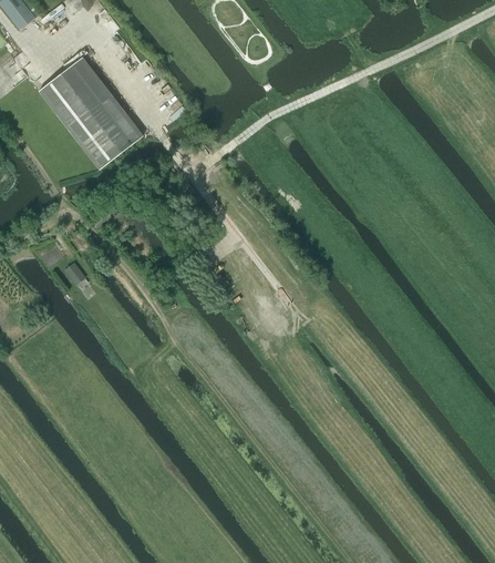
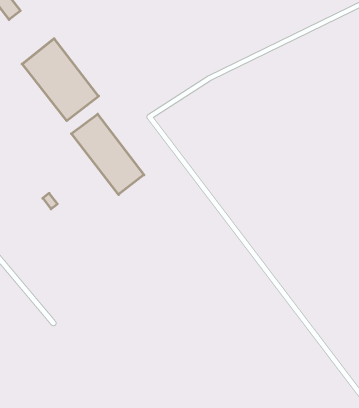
building: none -> [71,114,144,195]

